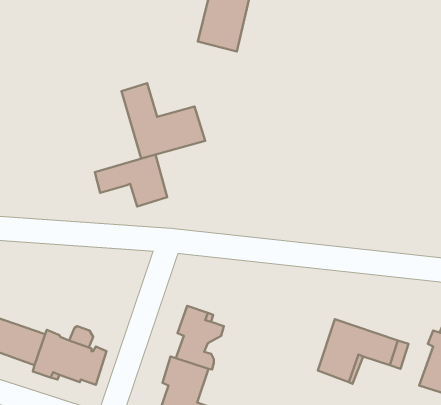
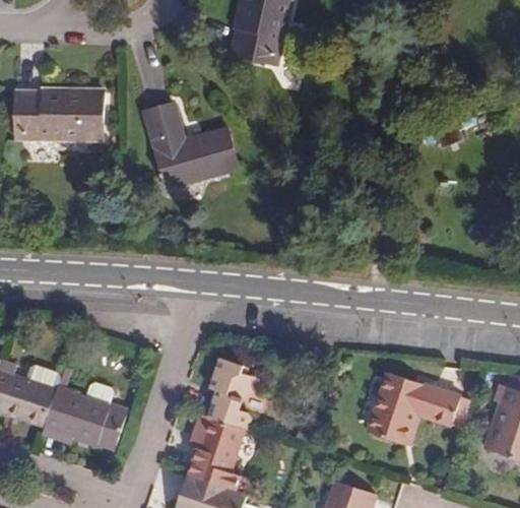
building: none -> [15,91,104,140]
building: [95,155,167,207] -> none

